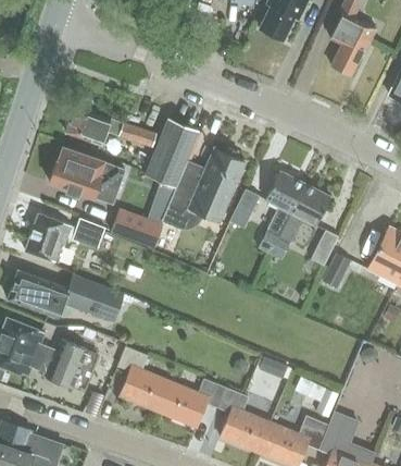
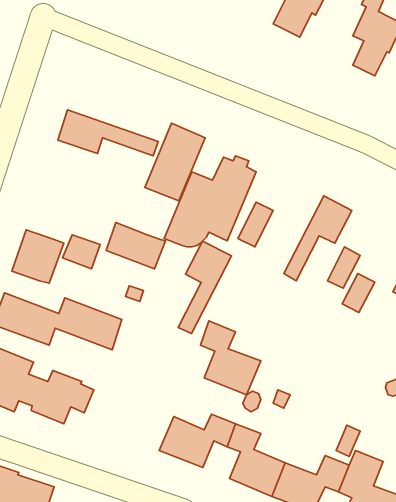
building: [50,147,124,204] -> none
building: [258,170,305,253] -> [178,241,231,333]
building: [116,345,171,412] -> [200,321,261,395]

